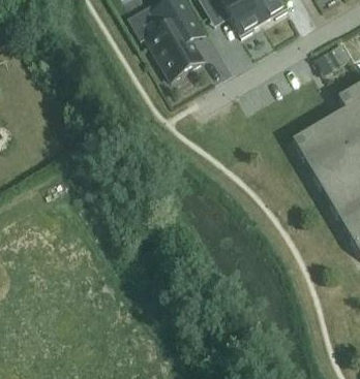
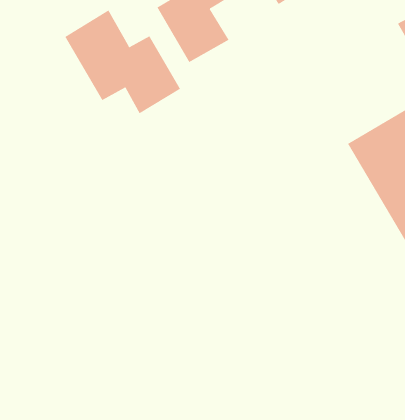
building: none -> [64,10,181,114]

